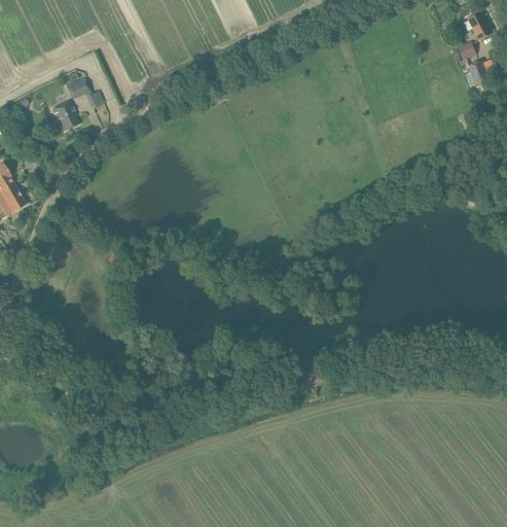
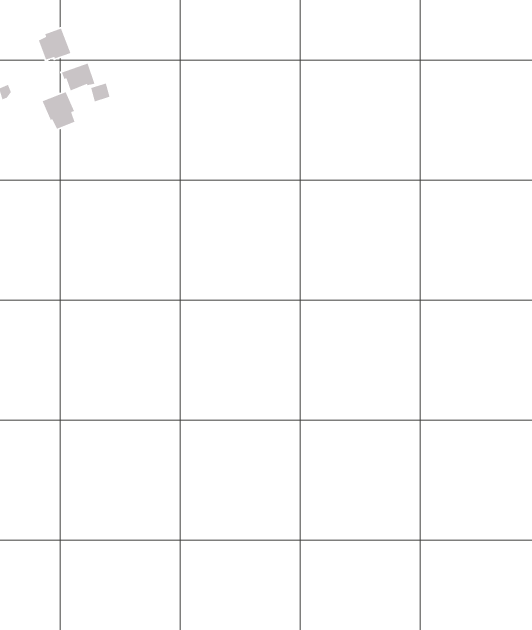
building: none -> [38,28,71,60]

